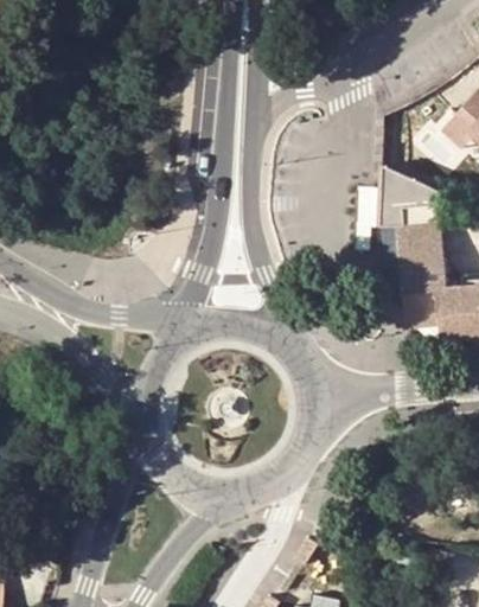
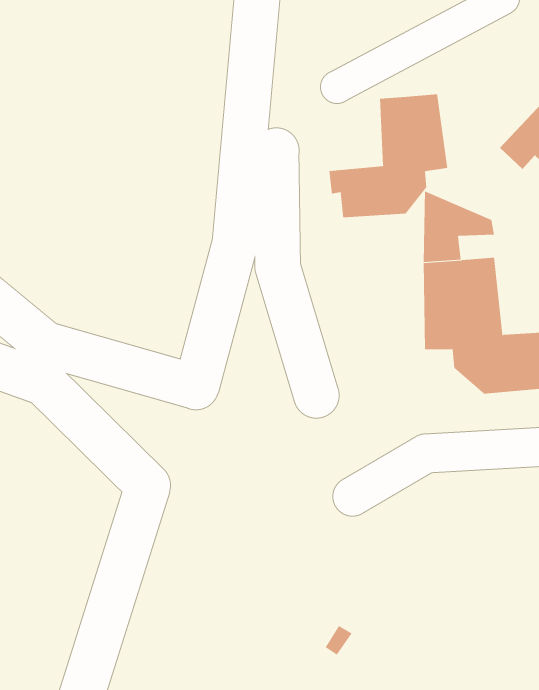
building: none -> [329,94,448,218]

